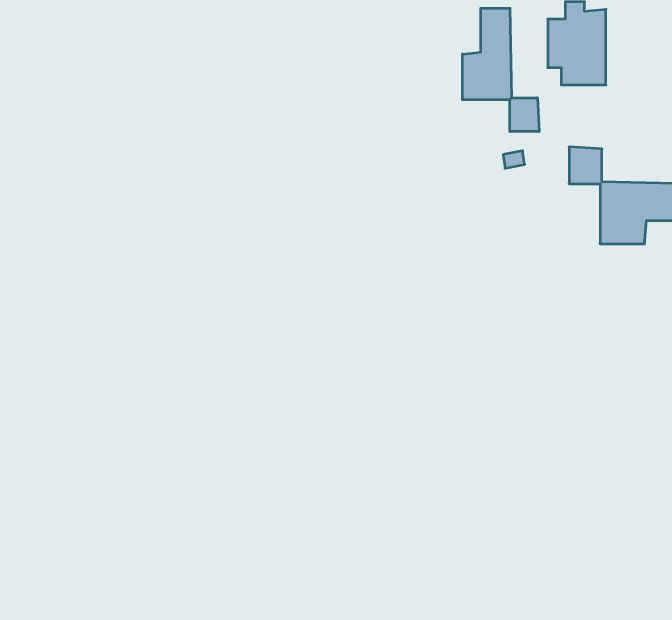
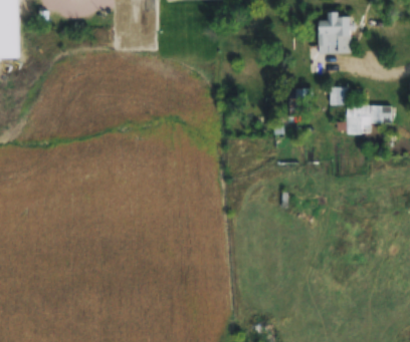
building: [462,8,539,132] -> none

